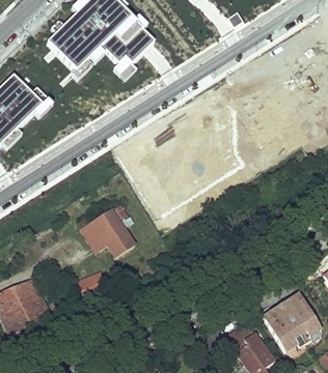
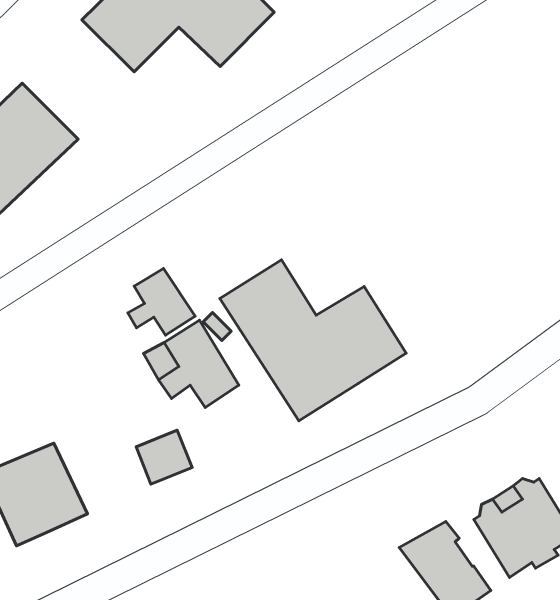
building: none -> [220,260,406,421]
building: none -> [128,269,195,335]

